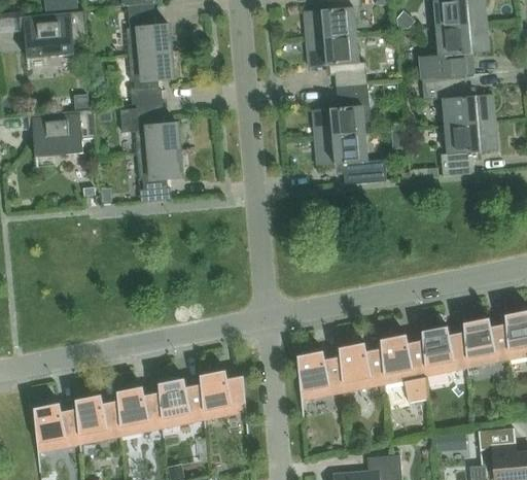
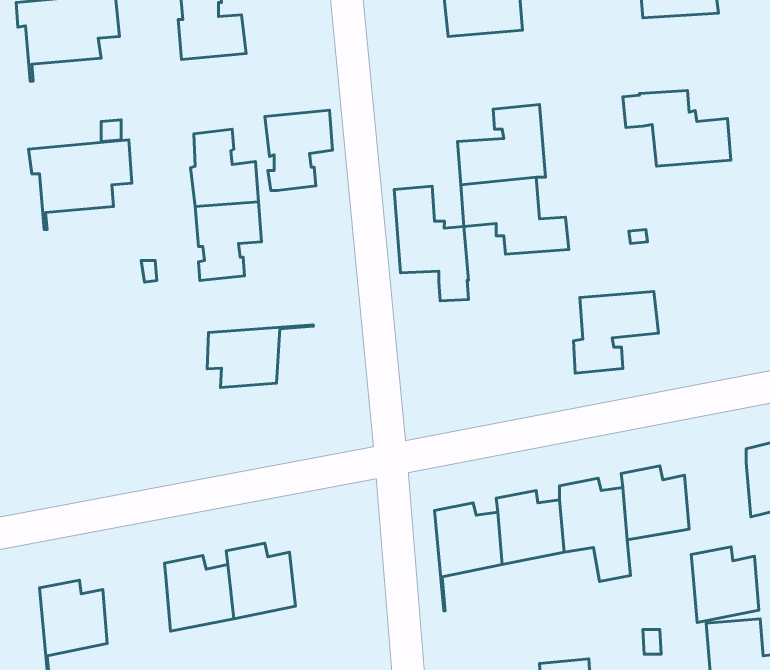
building: [420,24,488,78] -> none
building: [306,35,366,88] -> none
building: [128,50,173,104] -> [265,110,333,190]
building: [441,122,497,176] -> [574,291,658,373]
building: none -> [394,186,469,301]
building: none -> [207,325,313,388]
building: [462,317,507,368] -> [691,547,759,623]
building: [200,369,247,434] -> none
building: [75,393,120,444] -> none

